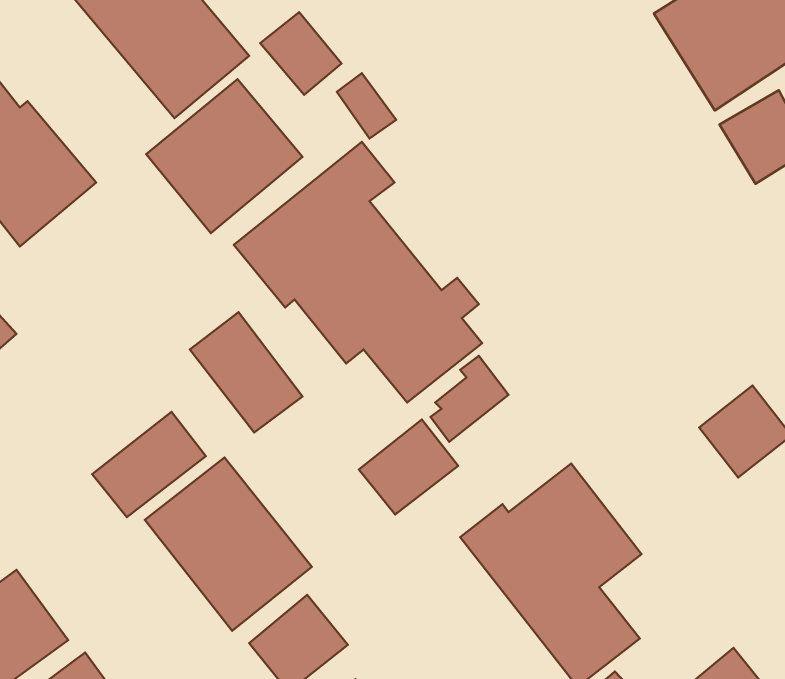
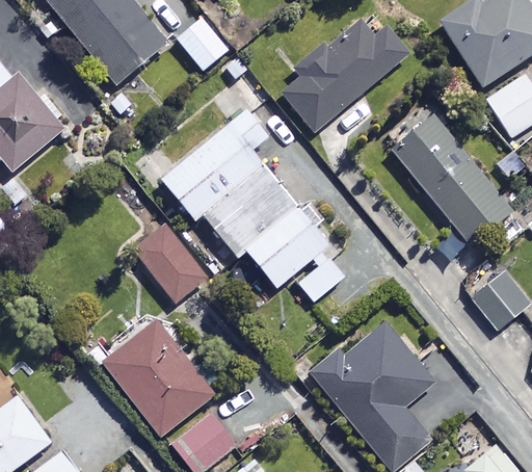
building: none -> [282,20,407,131]
building: [146,79,302,233] -> none
building: none -> [392,112,509,240]
building: [92,412,206,517] -> none
building: [359,419,458,515] -> none

